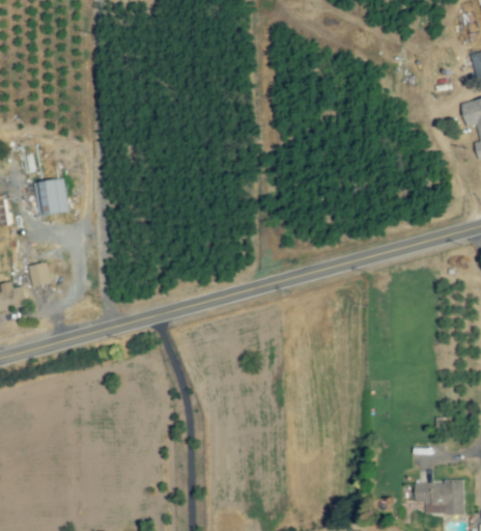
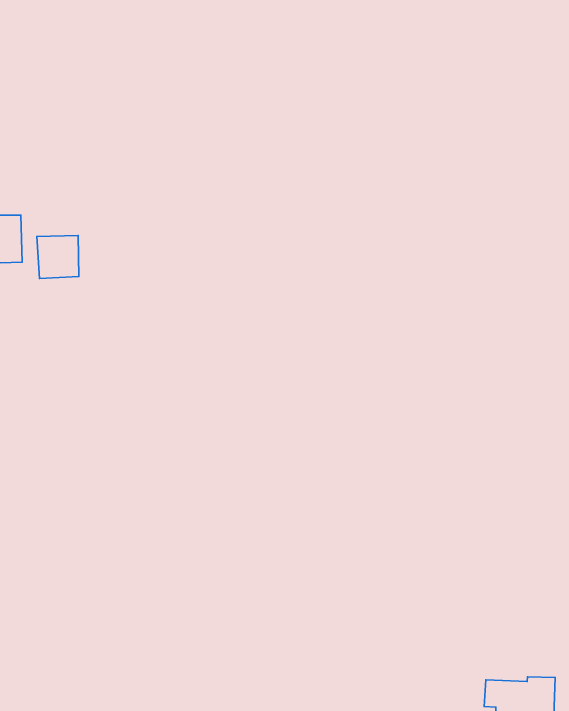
building: none -> [37,236,79,278]

